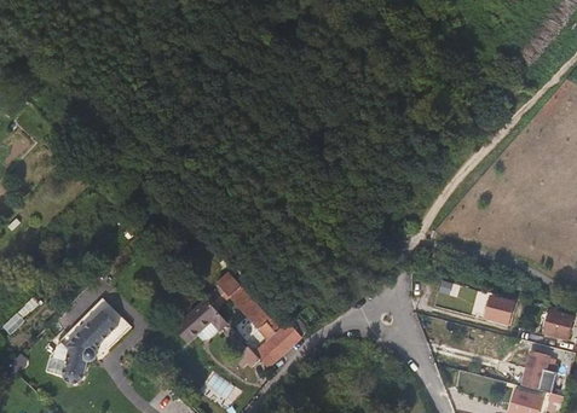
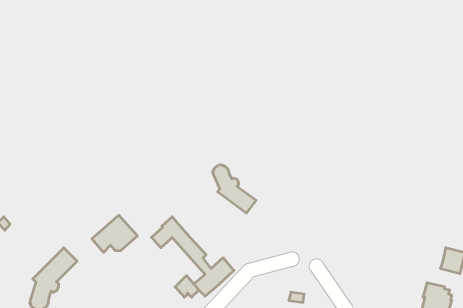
building: none -> [213,165,256,213]
building: [481,295,513,324] -> none
building: [174,298,227,342] -> [92,215,137,252]

